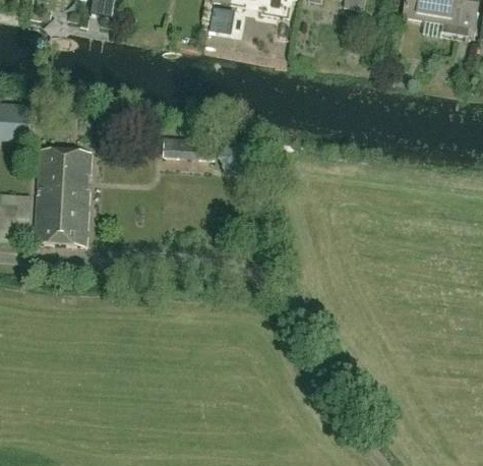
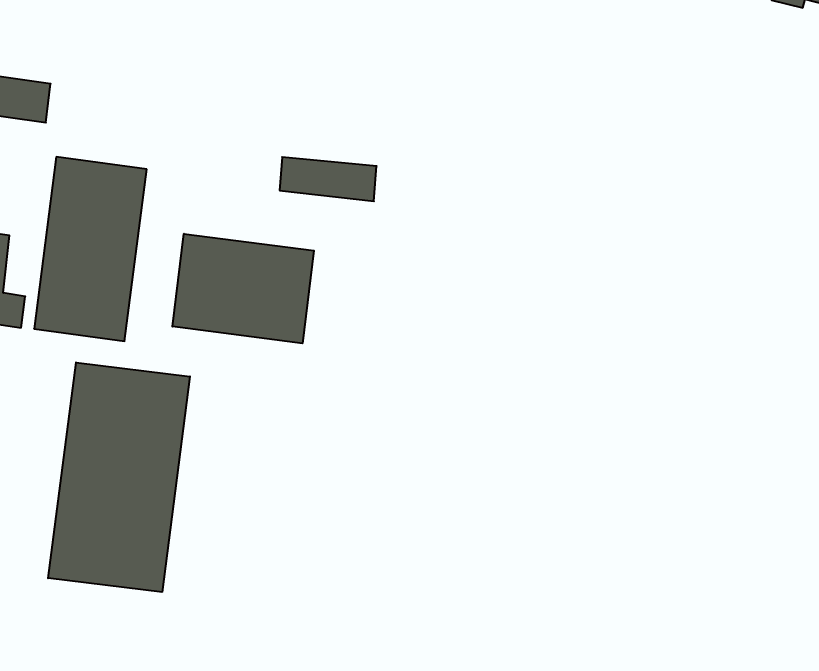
building: none -> [172,234,314,343]
building: none -> [48,362,190,592]

